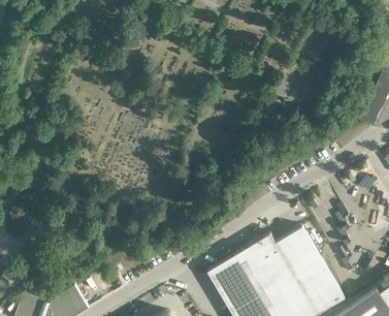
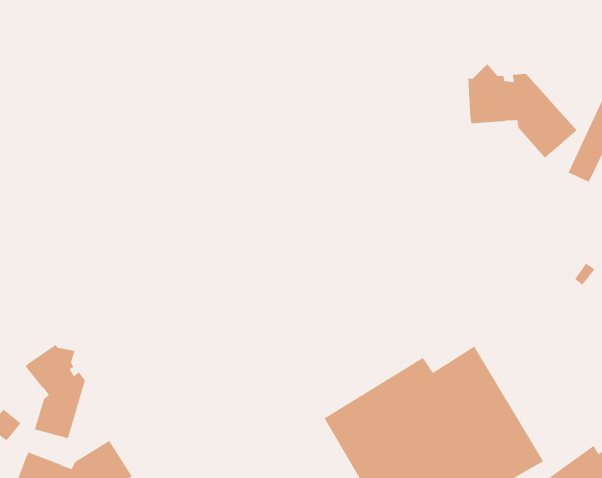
building: none -> [468,63,578,159]
building: none -> [25,344,86,439]

